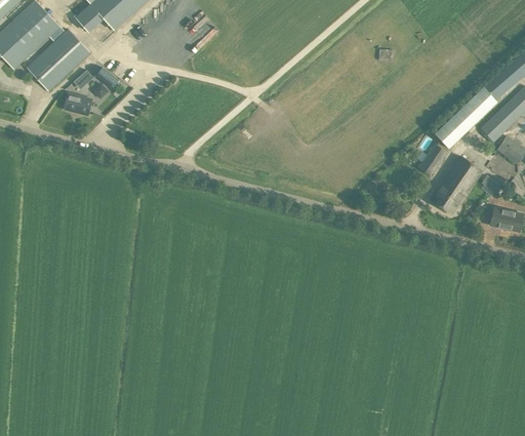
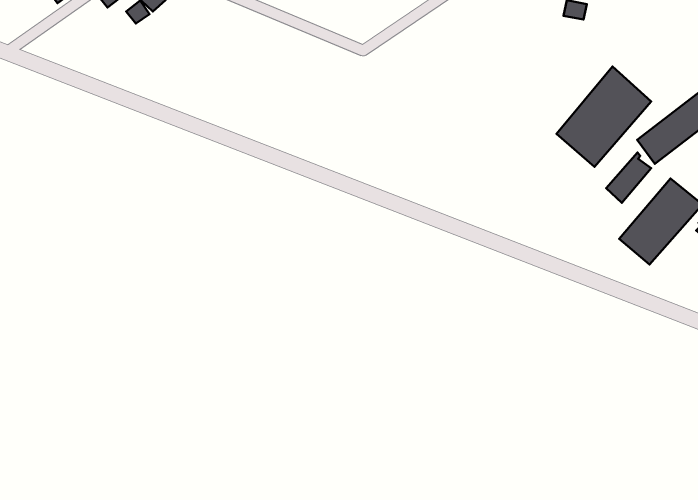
building: none -> [556,67,651,167]
building: [65,93,91,115] -> none

